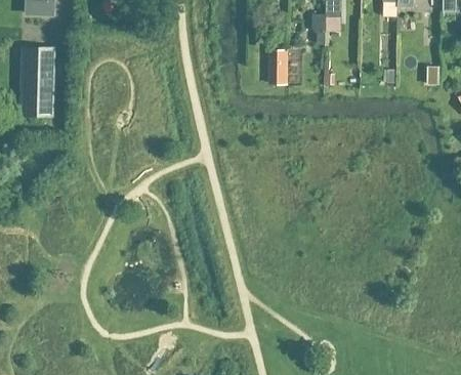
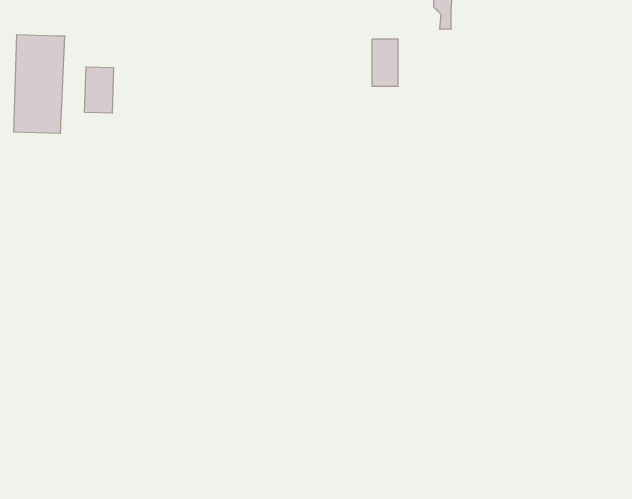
building: none -> [85,67,114,113]

